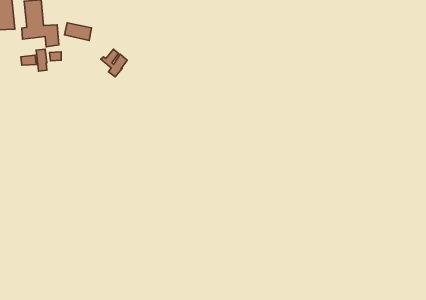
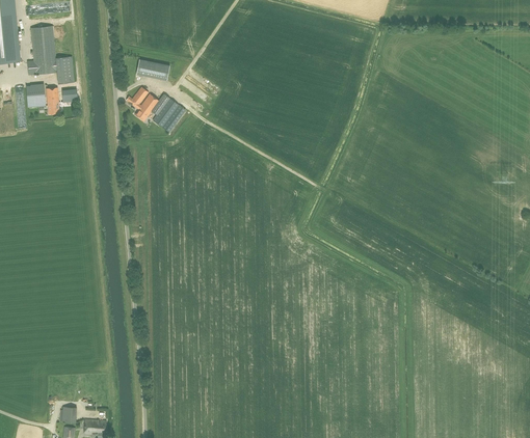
building: [65,23,92,41] -> [136,58,169,80]
building: none -> [151,93,185,132]

